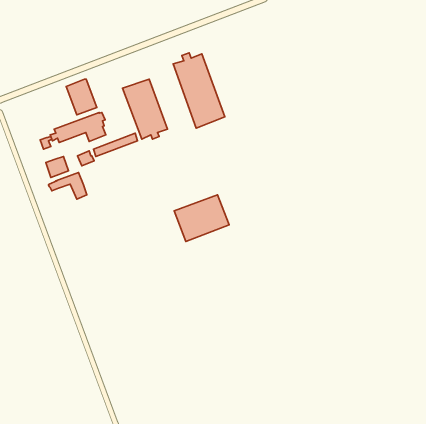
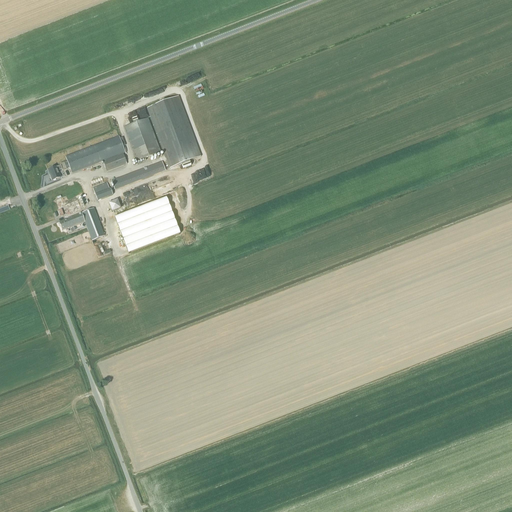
building: [173,53,225,128] -> none
building: [66,79,97,115] -> [124,117,161,160]
building: [174,195,229,242] -> [114,196,180,252]

